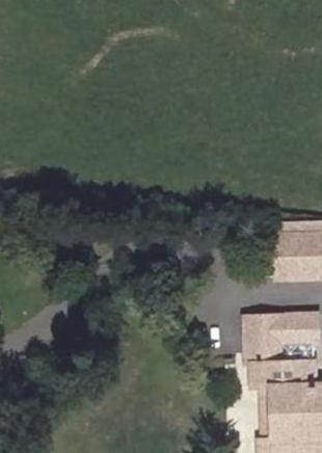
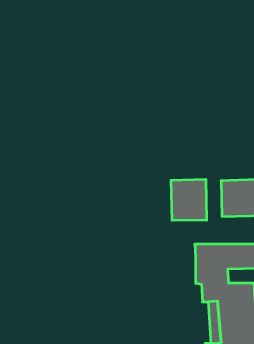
building: none -> [171,179,207,220]

